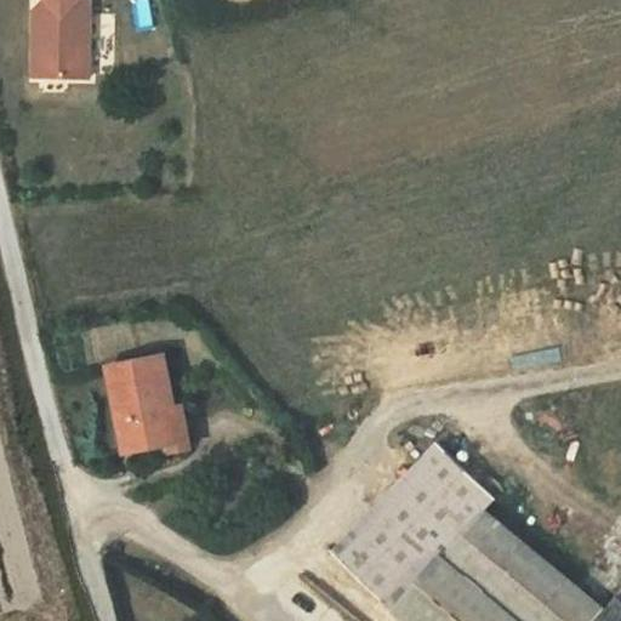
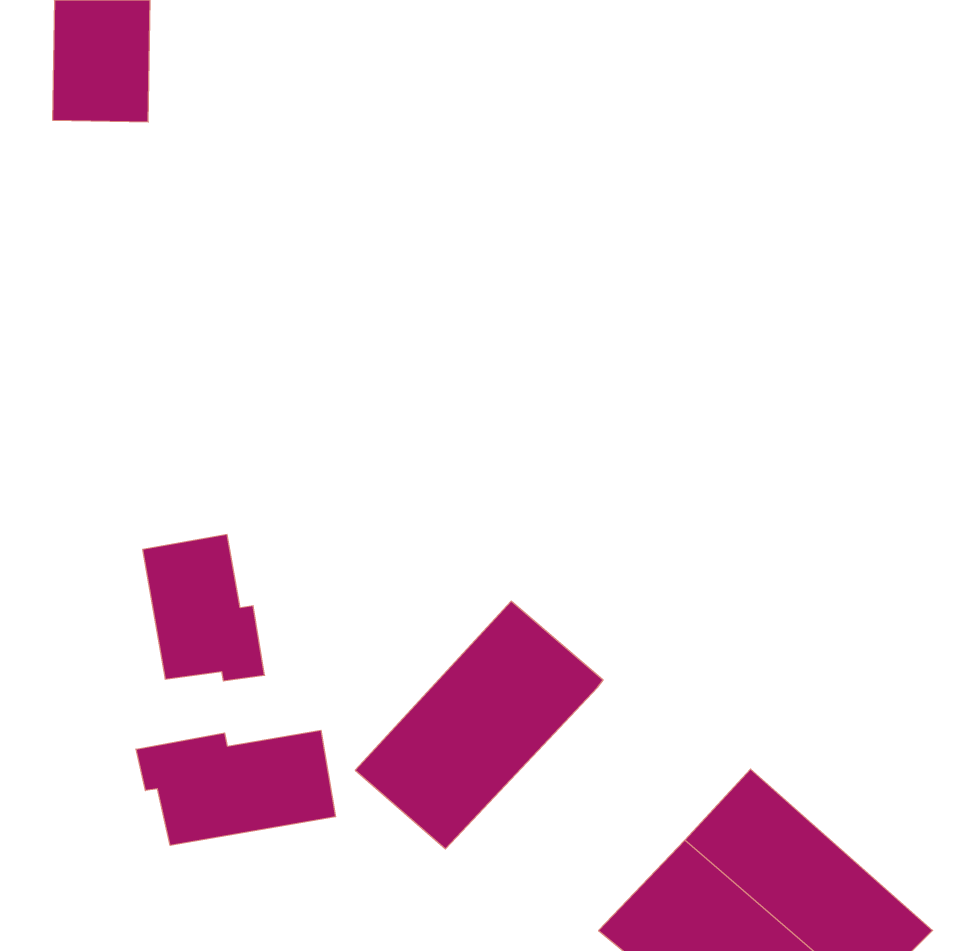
building: [330,446,490,606] -> [355,601,603,849]
building: none -> [136,730,336,845]

